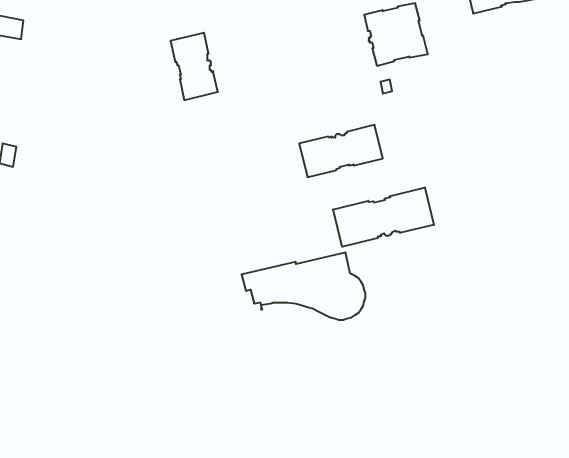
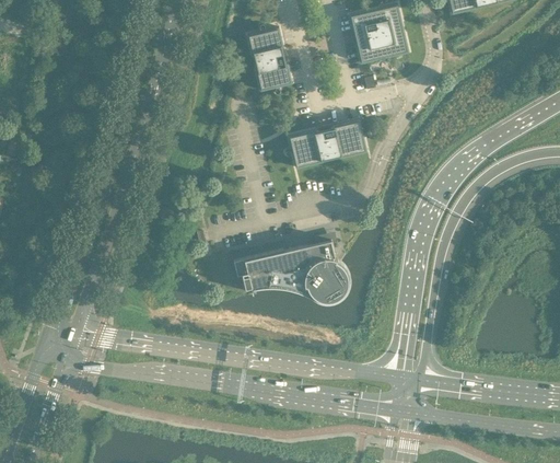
building: [170,33,218,100] -> [246,28,291,92]
building: [333,187,434,247] -> none

